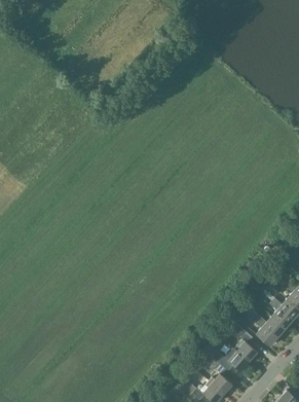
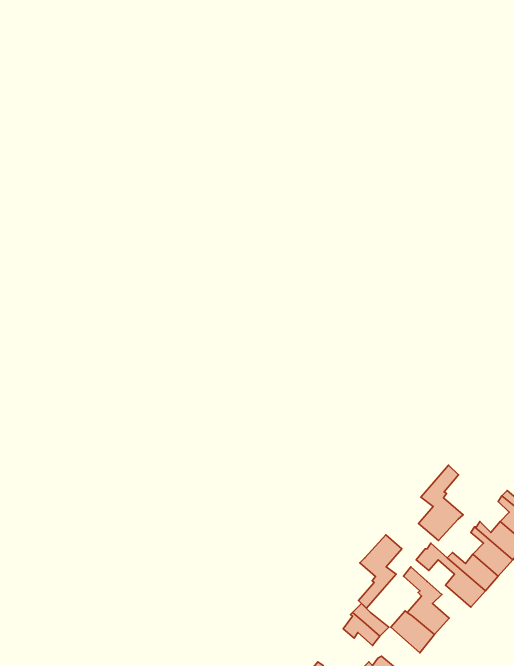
building: none -> [419,465,463,541]
building: none -> [359,535,402,608]

